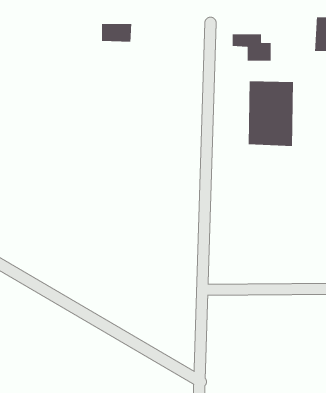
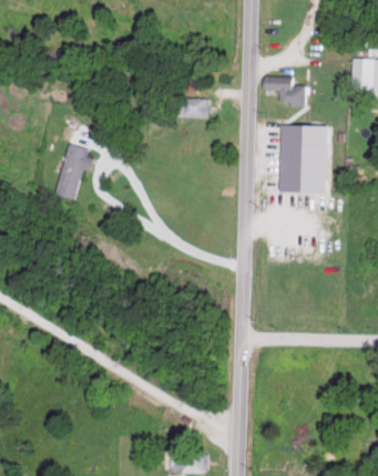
building: [101,23,132,43] -> [177,100,210,120]
building: none -> [55,145,93,200]

